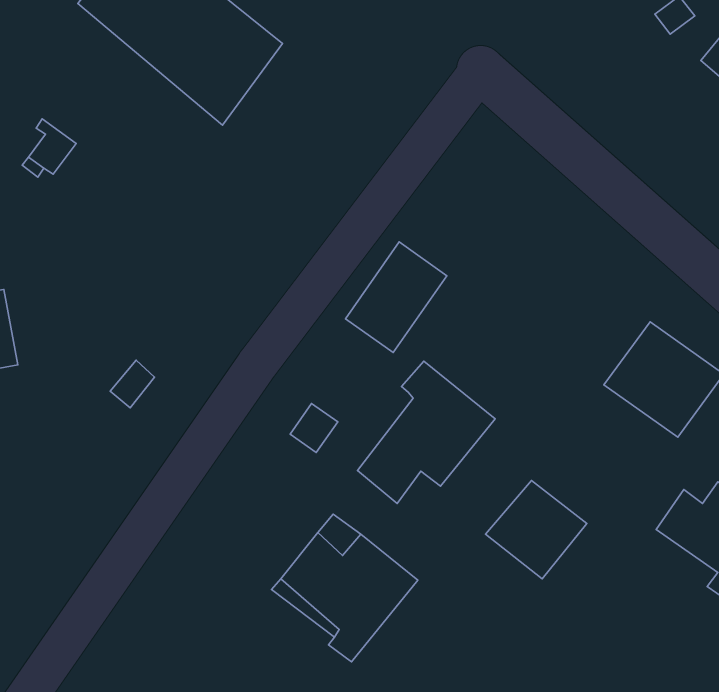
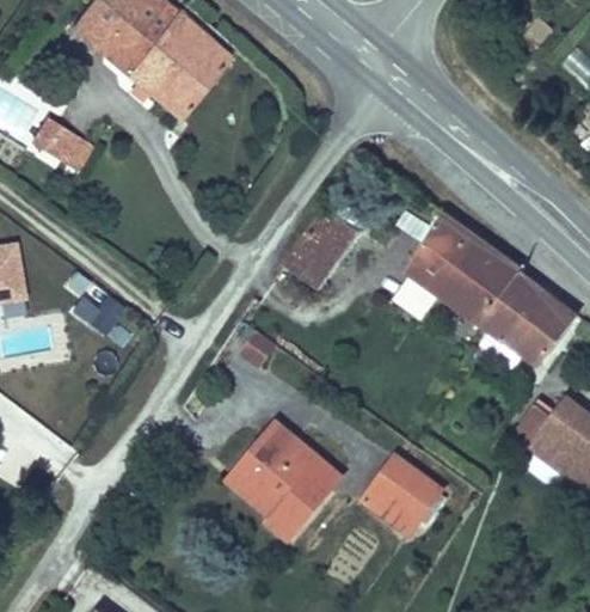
building: none -> [407,209,522,322]
building: [357,361,495,504] -> none
building: [485,480,587,579] -> [362,459,441,536]

